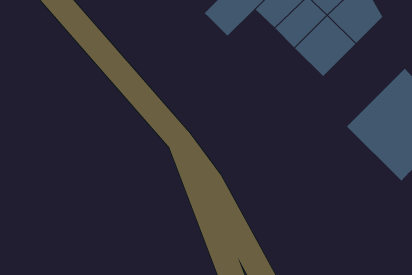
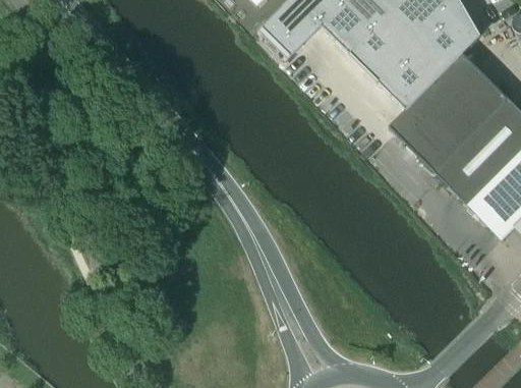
building: none -> [390,52,507,169]

